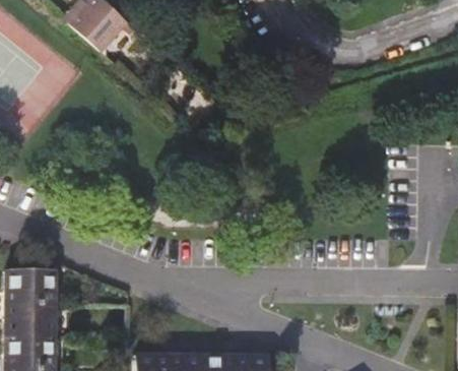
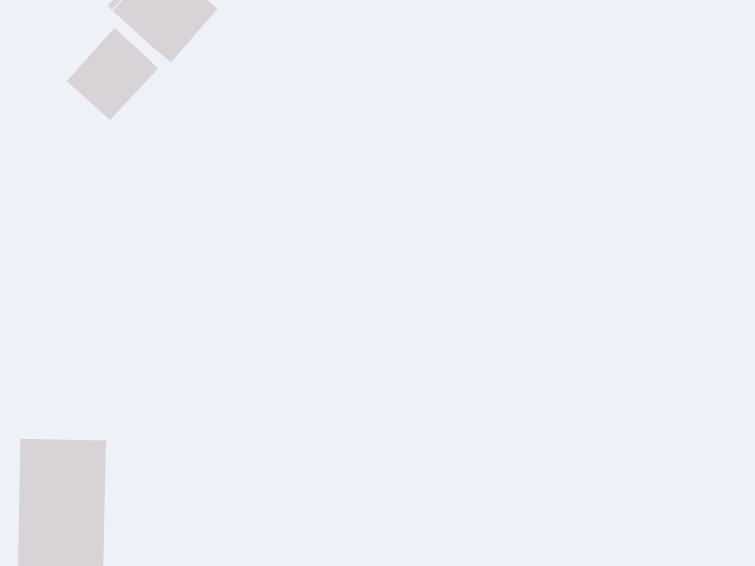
building: none -> [66,27,159,121]

